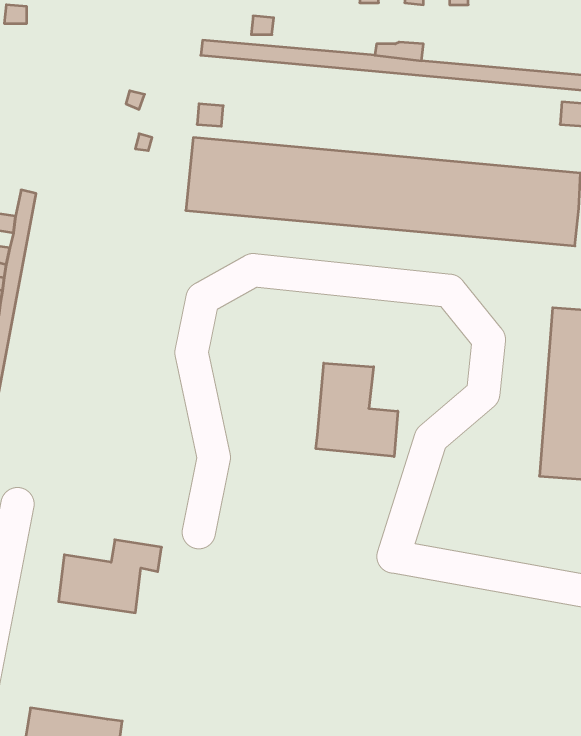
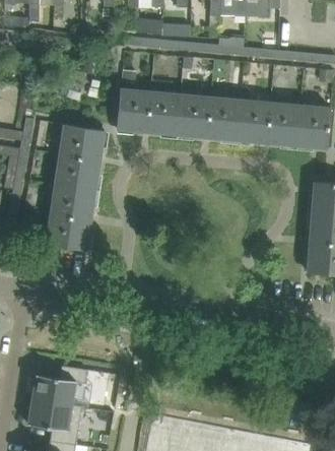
building: none -> [47,124,104,251]
building: [316,363,398,457] -> none
building: [59,540,162,613] -> [31,366,87,405]

